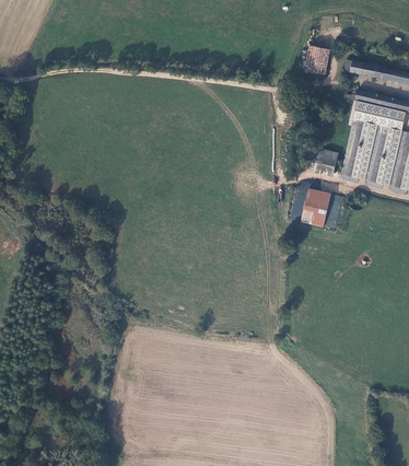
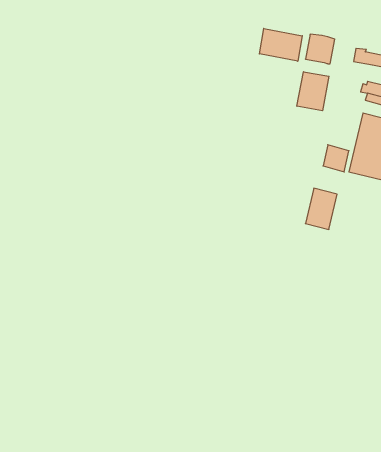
building: none -> [259,28,302,61]
building: none -> [297,72,329,111]

